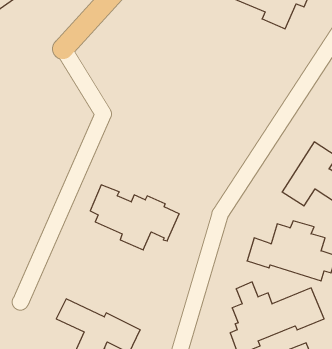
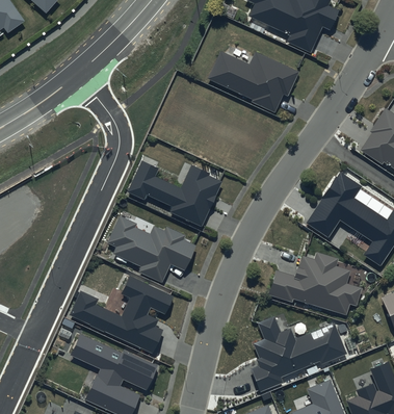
building: none -> [208,52,297,113]
building: none -> [128,161,222,227]
building: none -> [71,276,174,353]

